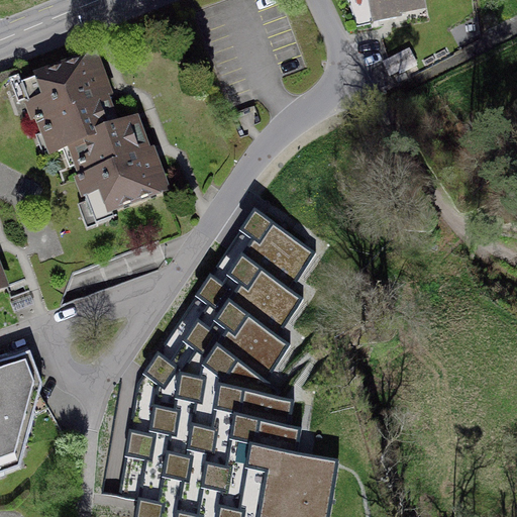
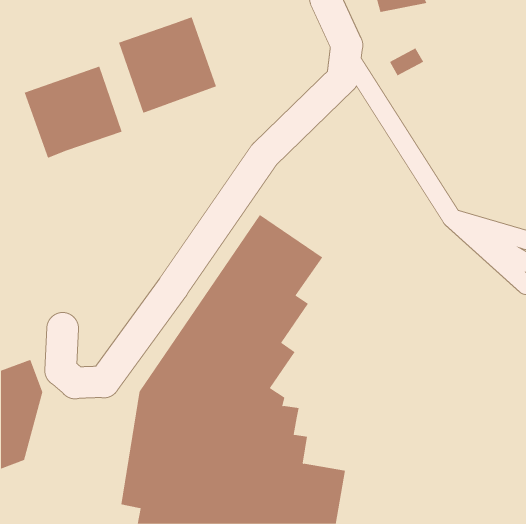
building: [65,123,162,218] -> [118,17,217,113]

